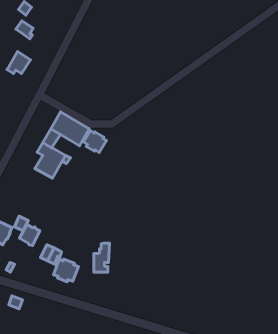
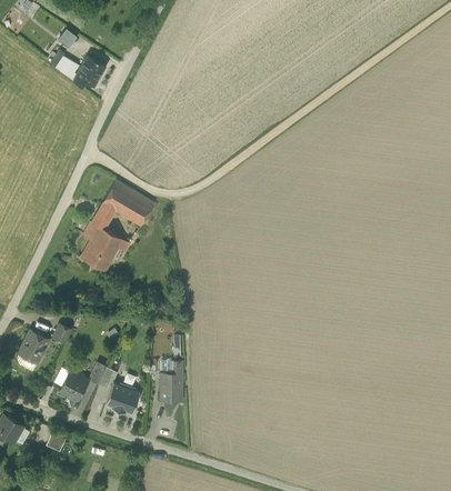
building: [7,52,31,73] -> [73,57,106,87]
building: [84,130,107,152] -> none
building: [19,224,40,246] -> [60,372,88,401]

